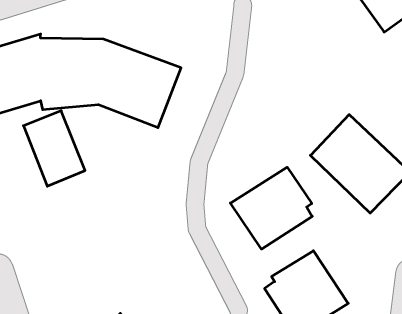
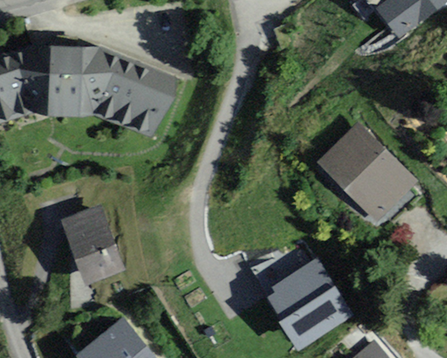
building: [23,111,85,186] -> [65,207,127,283]
building: [230,167,312,249] -> none

